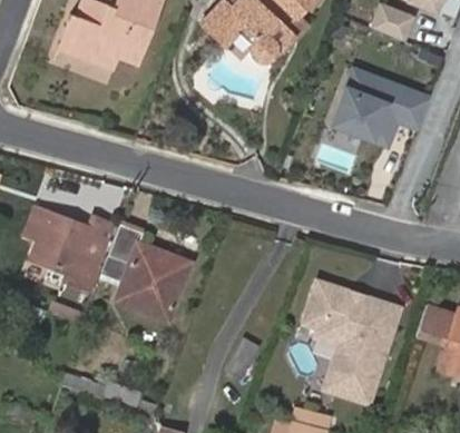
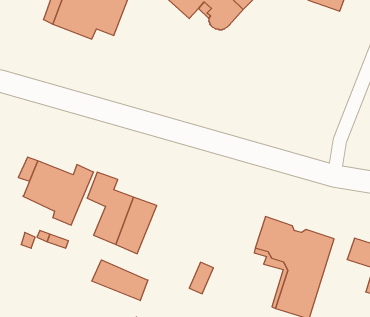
building: [325,59,433,146] -> none
building: none -> [92,260,148,301]

